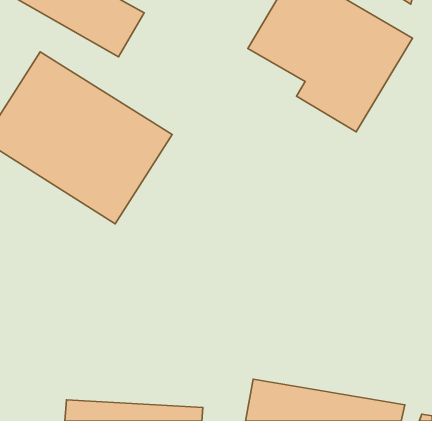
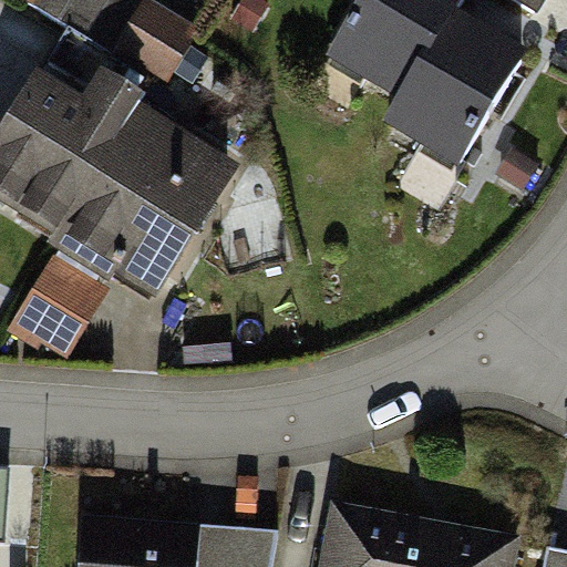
building: none -> [18,258,106,349]

